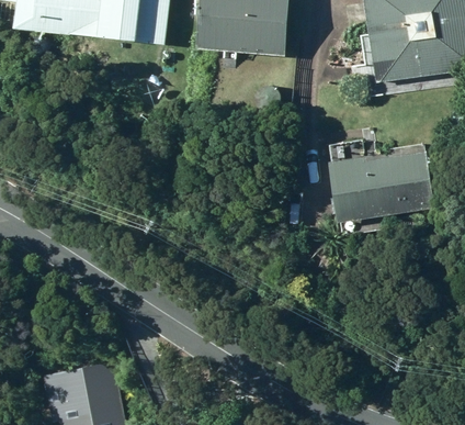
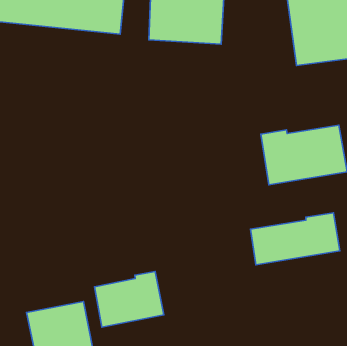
building: none -> [251,213,340,265]
building: none -> [94,272,164,327]

